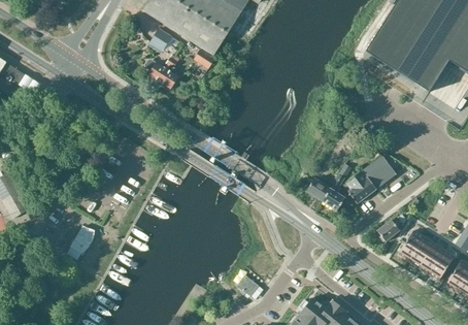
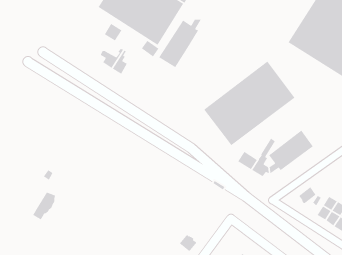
building: none -> [158,19,202,68]
building: none -> [203,60,295,146]

